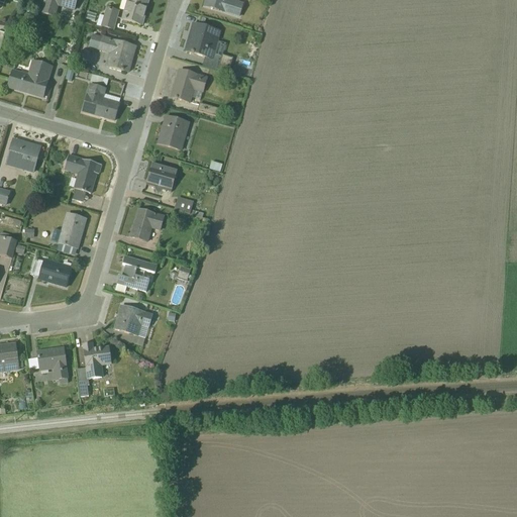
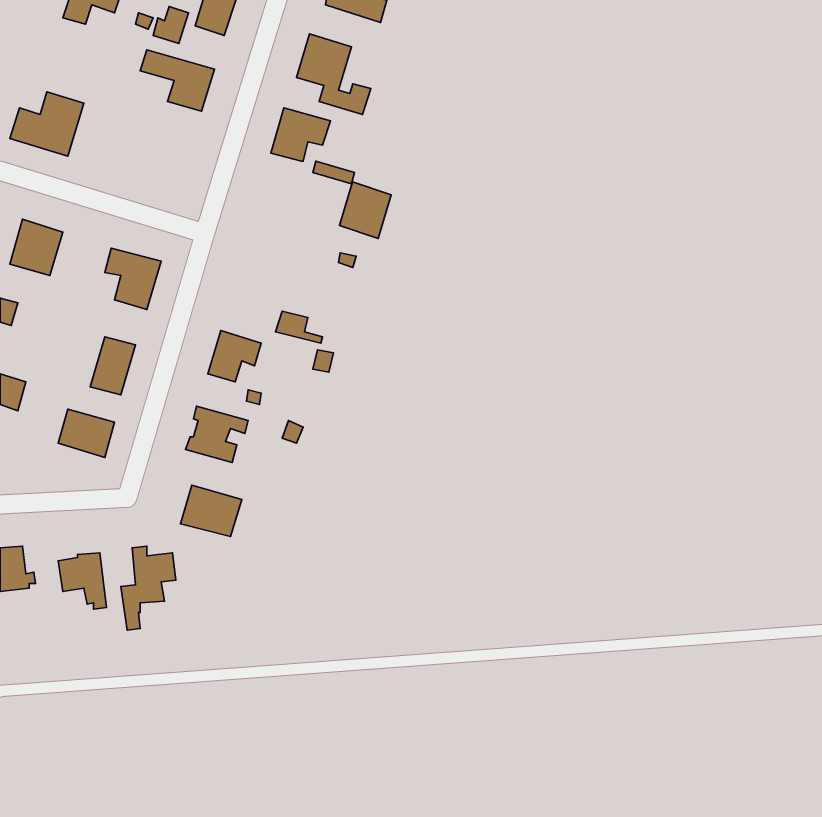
building: [83,83,120,119] -> none
building: [158,114,190,149] -> [340,182,391,238]
building: [145,161,177,190] -> none

